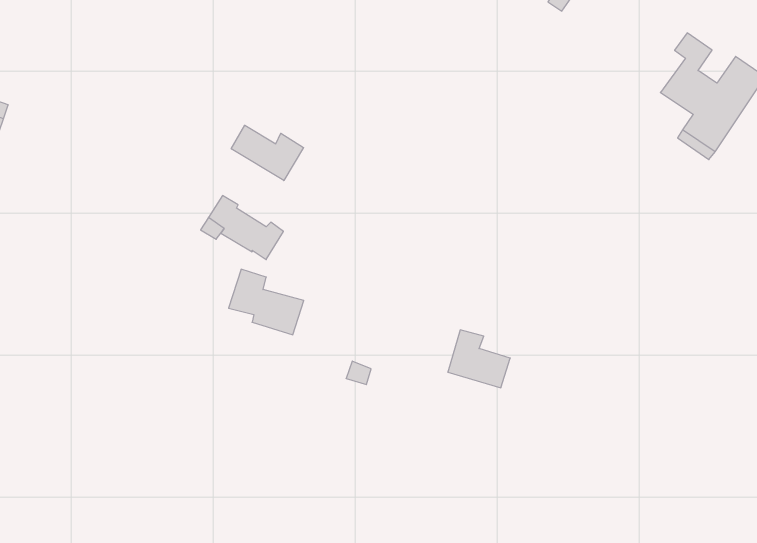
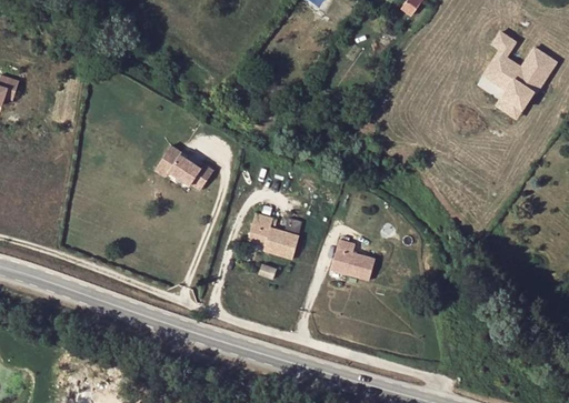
building: [231,125,304,181] -> none
building: [229,269,304,335] -> [247,212,300,259]

